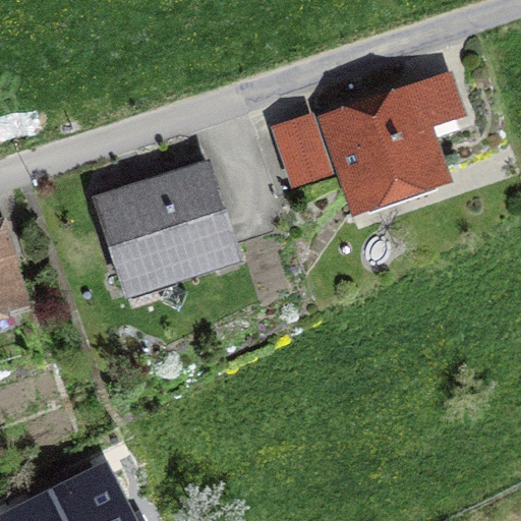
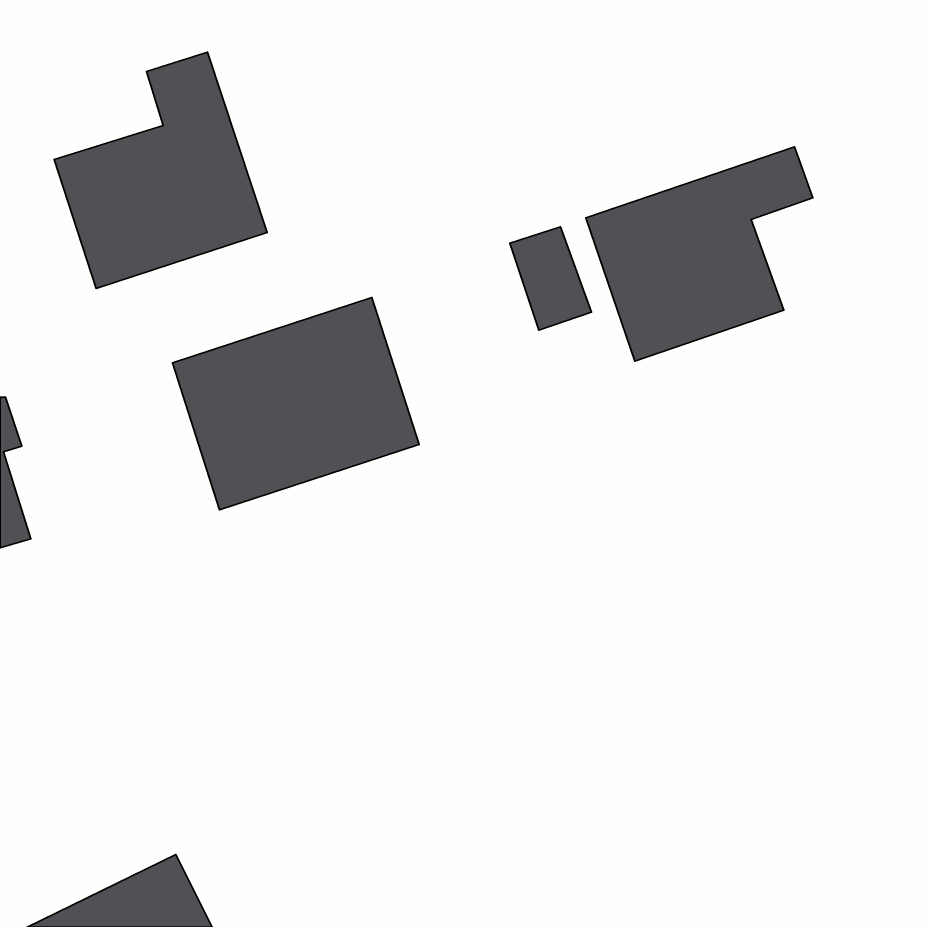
building: none -> [54,52,267,289]

